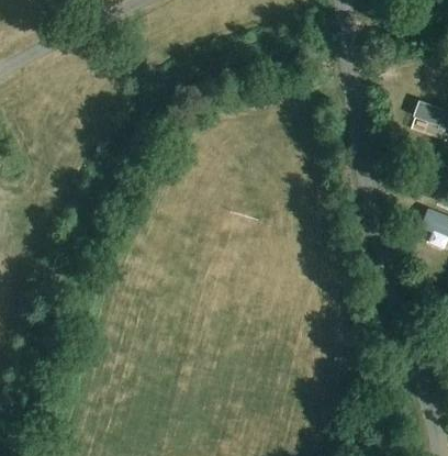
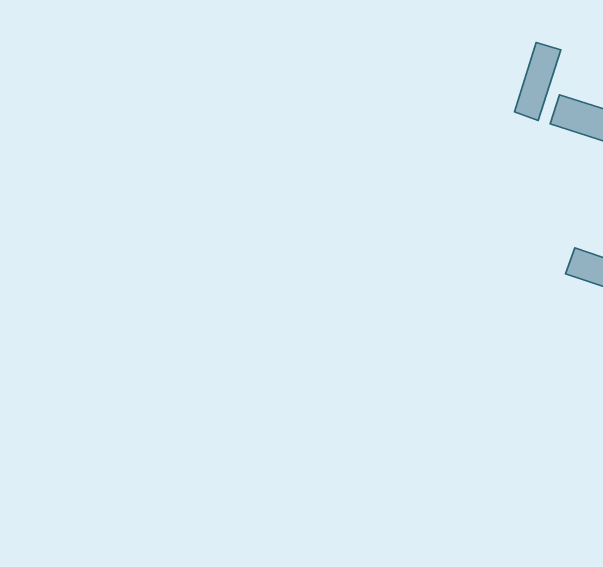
building: none -> [515,42,561,120]

